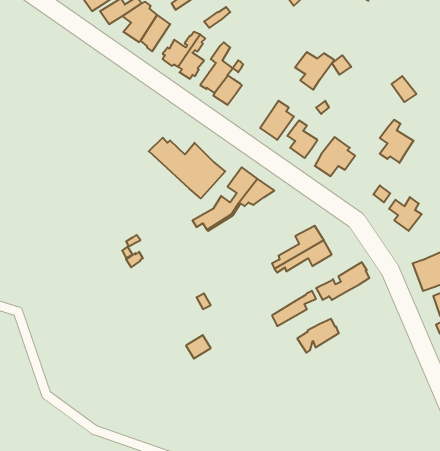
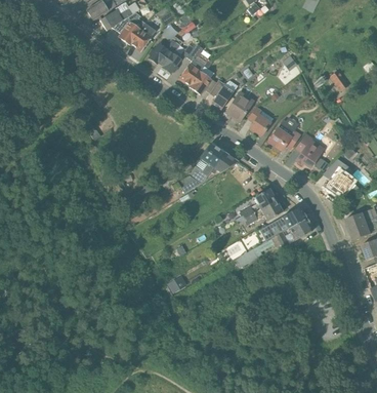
building: [295,52,334,90] -> [207,79,238,109]
building: [380,120,414,163] -> [295,133,322,167]
building: [149,138,225,198] -> none
building: [297,319,339,353] -> [273,206,305,233]

